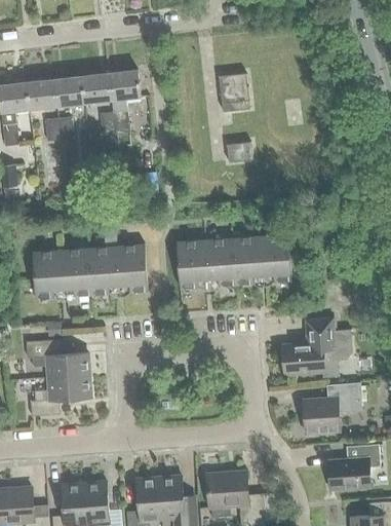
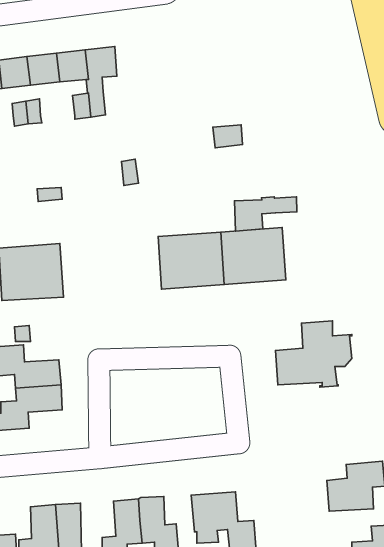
building: [218,73,248,110] -> none
building: none -> [234,197,297,231]
building: [87,243,147,296] -> none
building: [302,383,361,433] -> none

